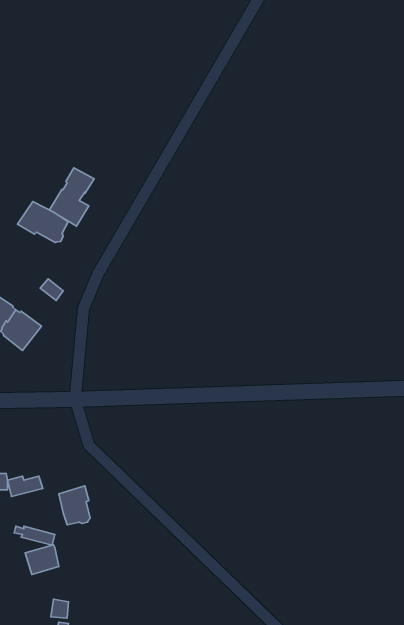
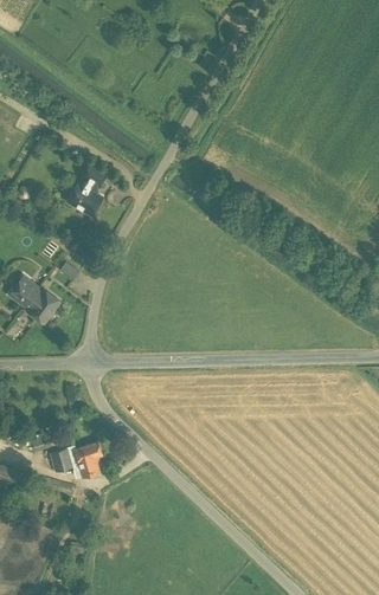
building: [17,201,68,243] -> none
building: [25,545,59,575] -> [50,446,79,472]

